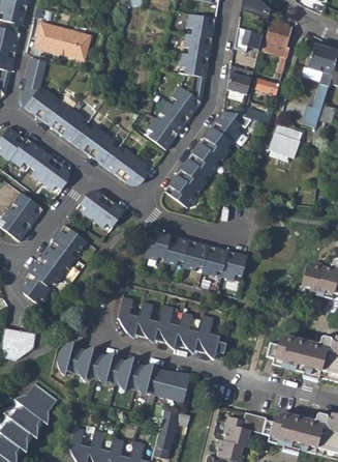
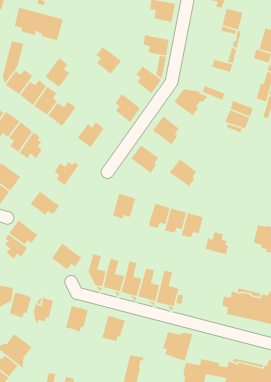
building: [235,27,265,50] -> none
building: [183,32,212,56] -> none
building: [228,64,252,94] -> none
building: [159,100,189,133] -> [95,46,122,75]
building: [202,125,233,157] -> none
building: [89,132,118,166] -> [44,57,70,88]
building: [121,155,149,182] -> none
building: [177,157,209,190] -> [169,159,197,187]
building: [92,196,125,227] -> none
building: [164,233,192,262] -> none
building: [40,239,75,270] -> [51,242,83,270]
building: none -> [205,231,229,255]
building: [73,347,99,376] -> [9,292,32,318]
building: [113,357,140,388] -> none
building: [154,369,189,403] -> [162,331,194,362]

